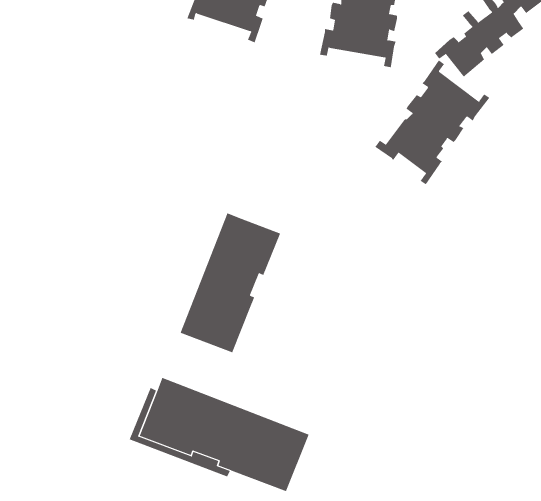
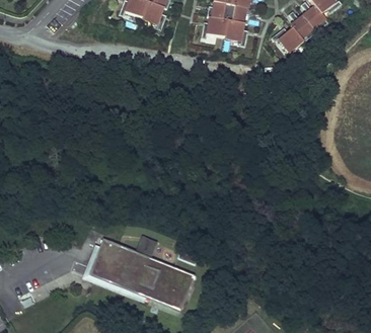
building: [374,60,490,185] -> none
building: [180,212,281,353] -> none

